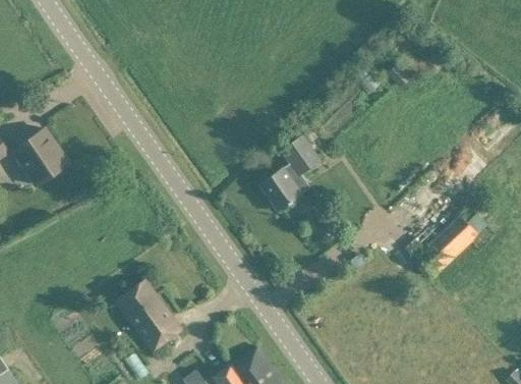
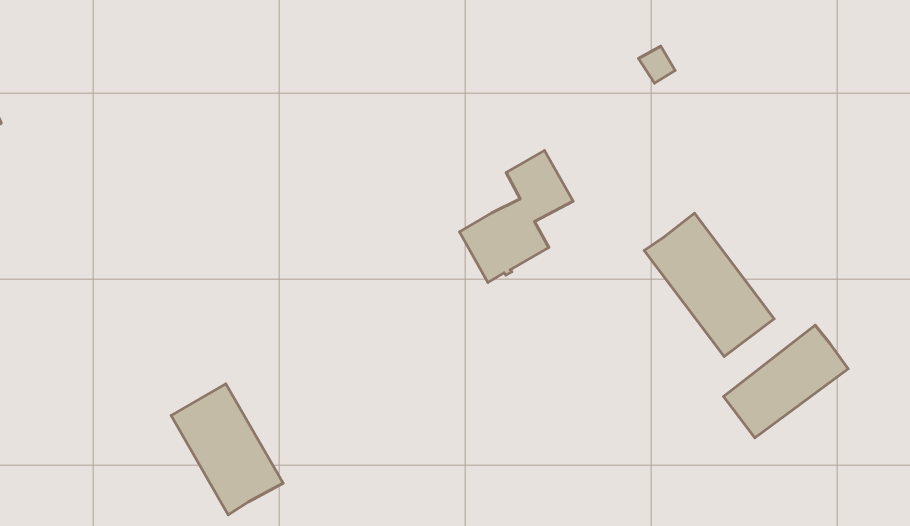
building: [12,129,67,186] -> none
building: none -> [644,213,774,356]

